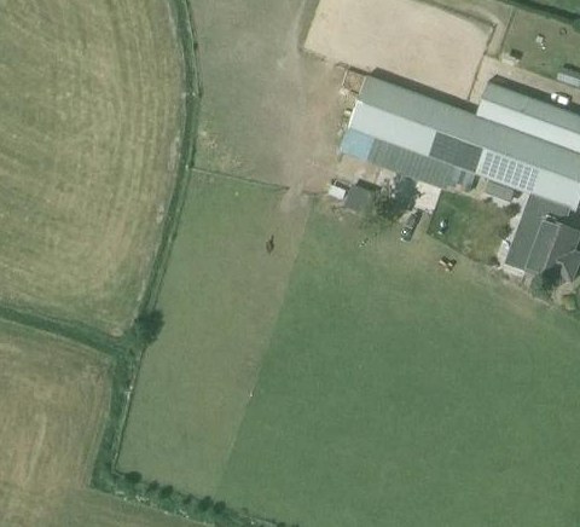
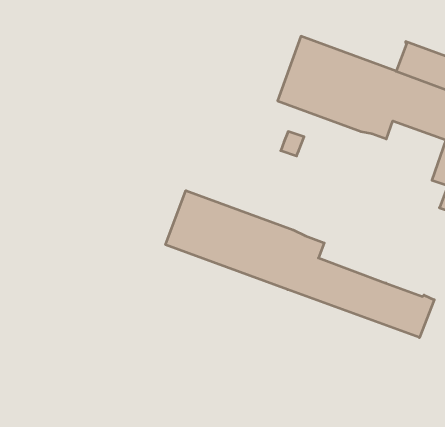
building: none -> [166,191,434,338]

